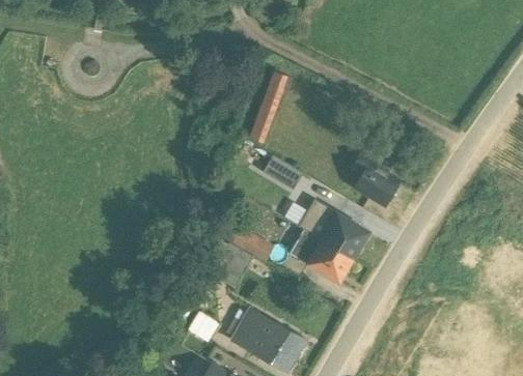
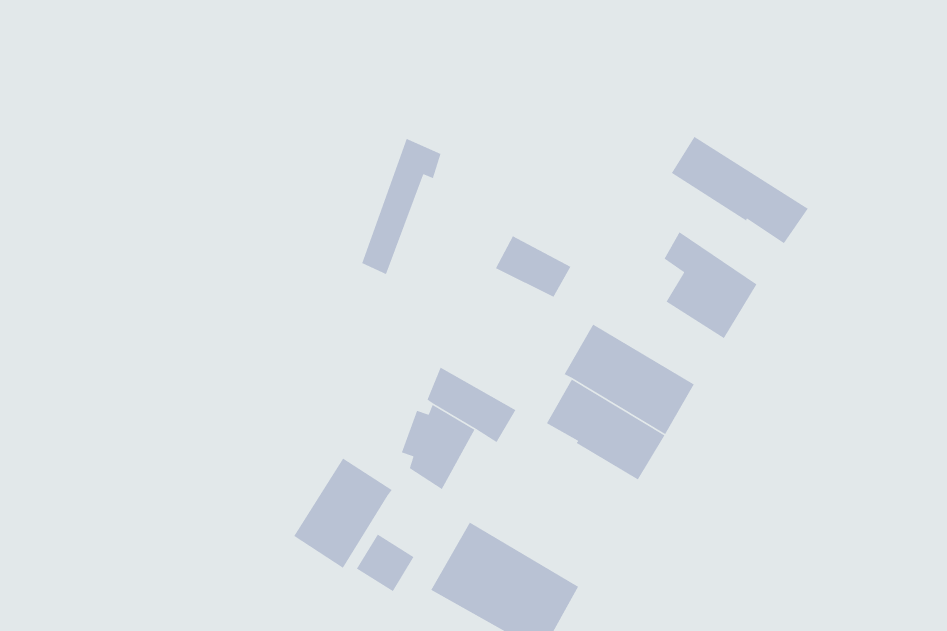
building: [249,70,292,143] -> [361,138,441,275]
building: none -> [671,136,809,244]
building: none -> [293,458,393,569]

